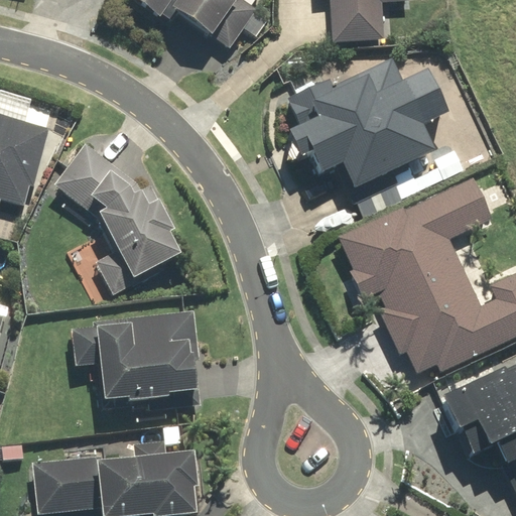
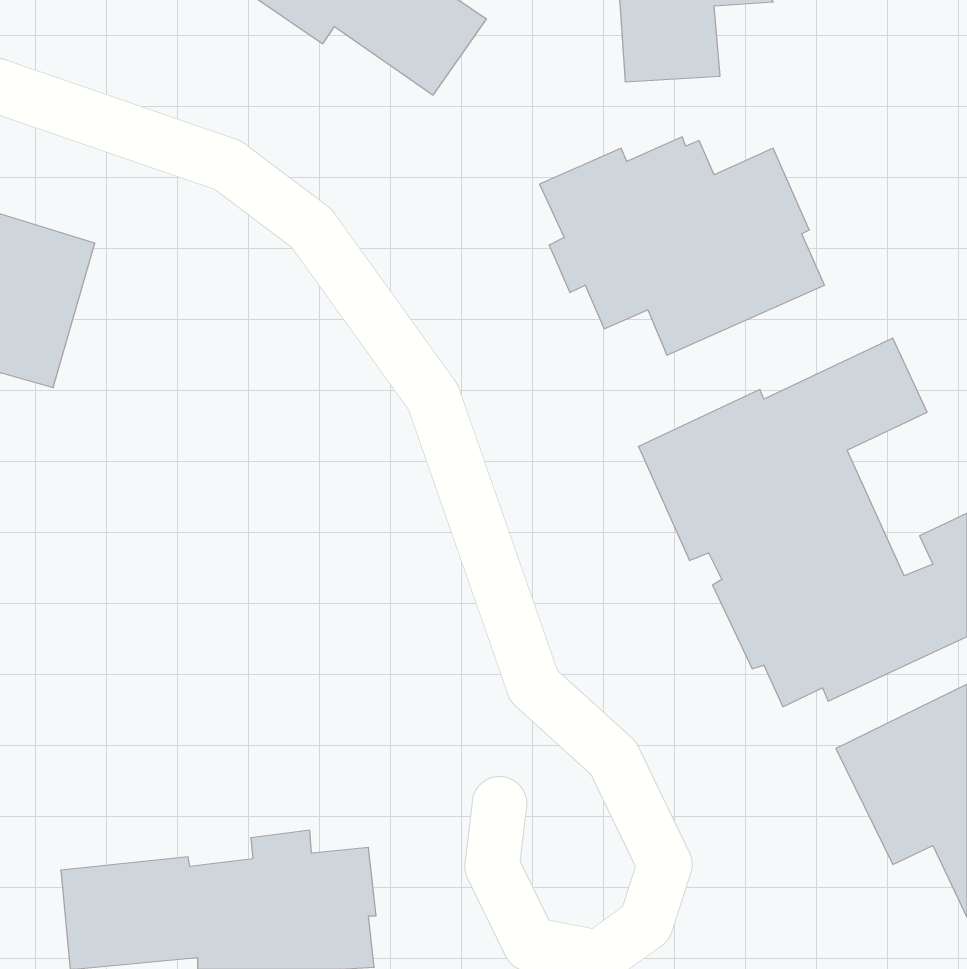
building: [53,144,185,296] -> none
building: [69,311,203,401] -> none

